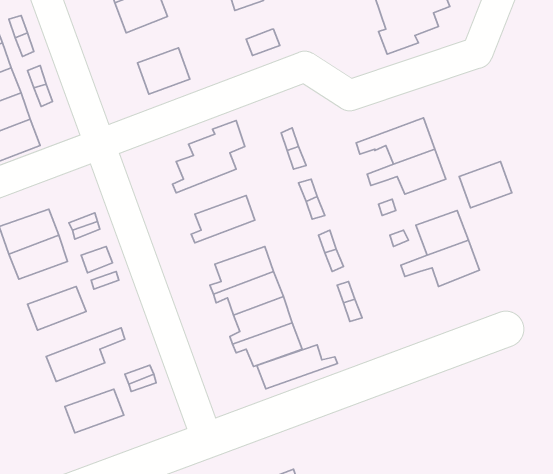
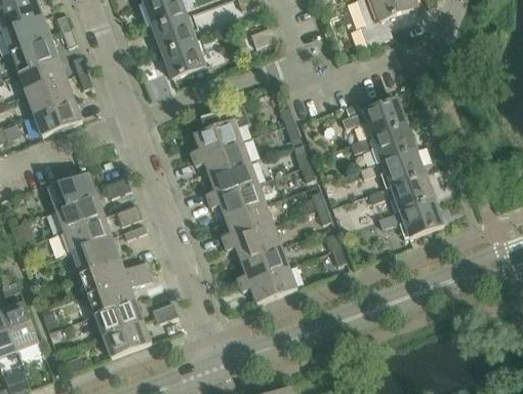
building: none -> [152,14,195,52]
building: [459,162,512,208] -> [380,148,424,186]
building: none -> [193,140,250,176]
building: none -> [208,182,266,218]
building: none -> [55,215,111,253]
building: none -> [79,257,148,293]
building: [257,345,337,389] -> none
building: none -> [94,299,142,334]

